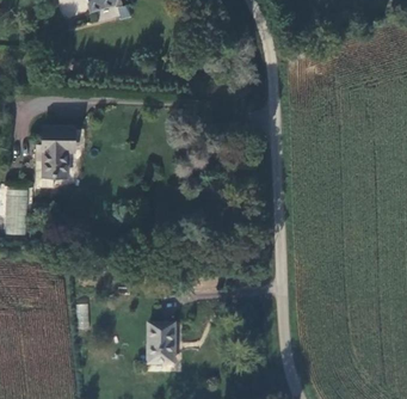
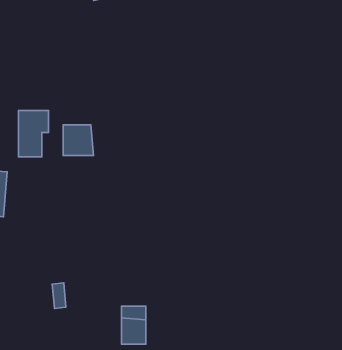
building: none -> [63,125,94,156]

